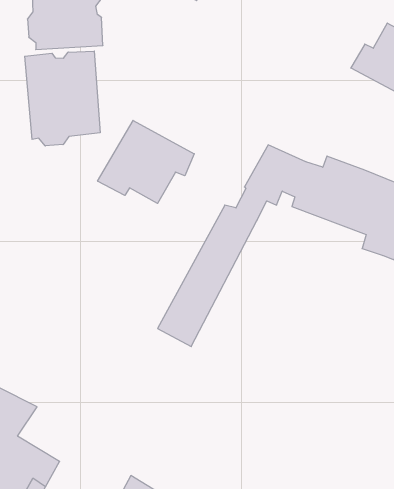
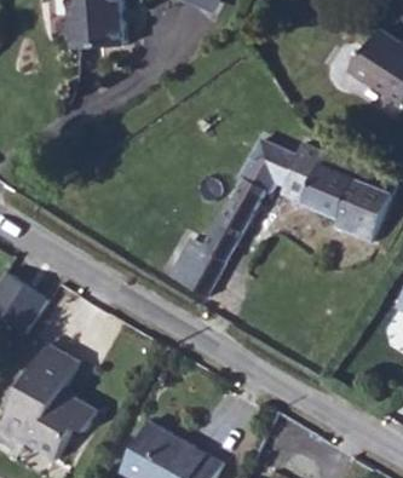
building: [25,51,100,146] -> none
building: [98,120,194,203] -> none

